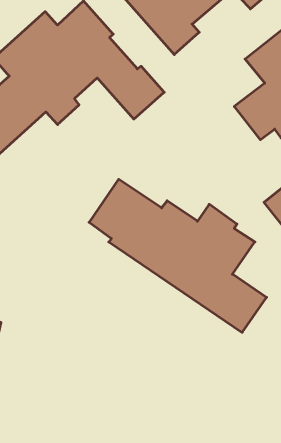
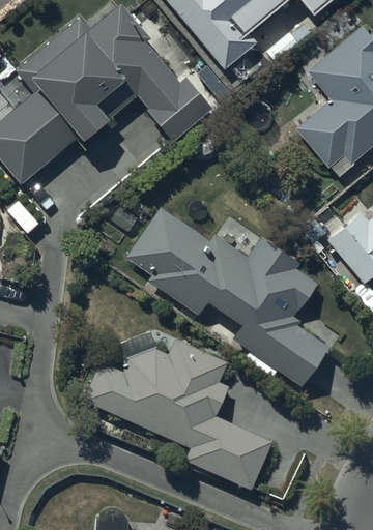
building: none -> [83,340,270,491]

